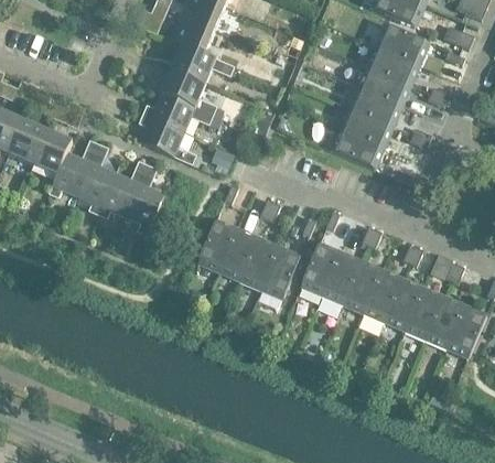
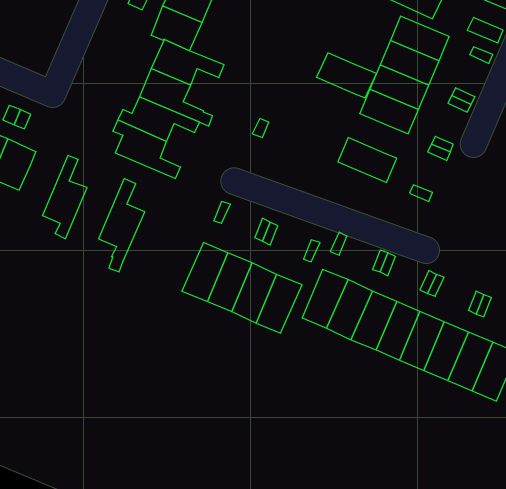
building: [342,108,394,147] -> [316,53,377,98]
building: [50,140,100,198] -> none
building: [98,161,149,219] -> none

